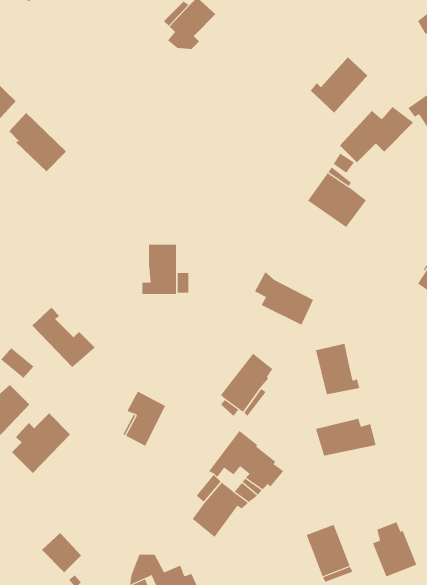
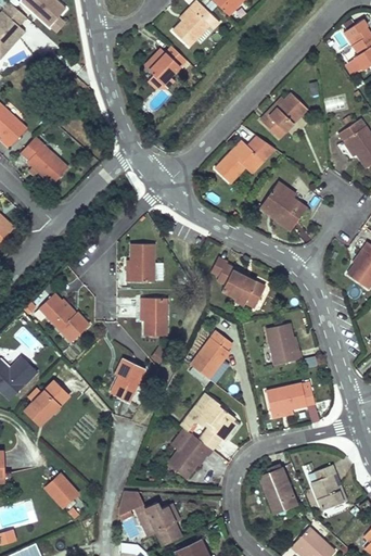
building: [339,106,414,163] -> [216,137,276,182]
building: none -> [141,300,167,337]

